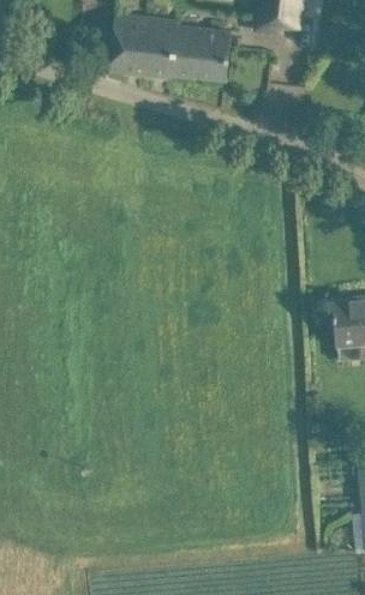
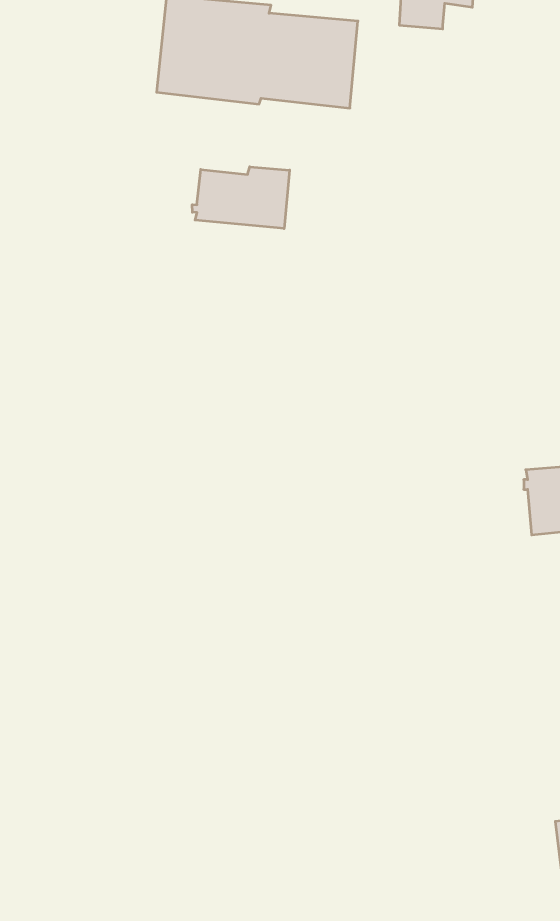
building: none -> [192,167,290,229]

